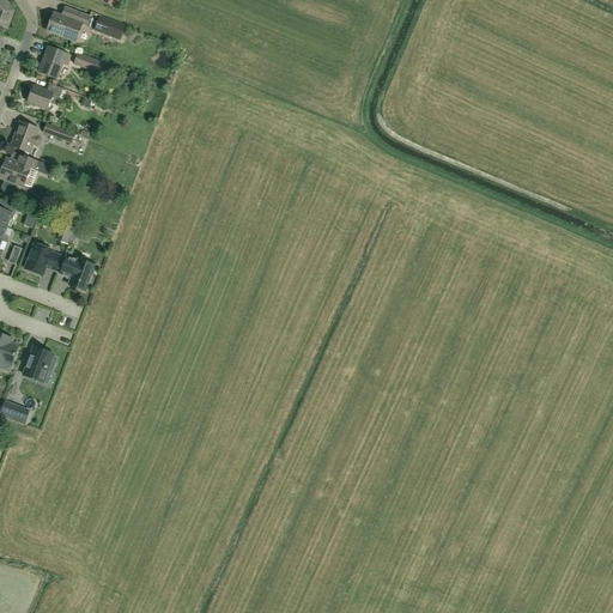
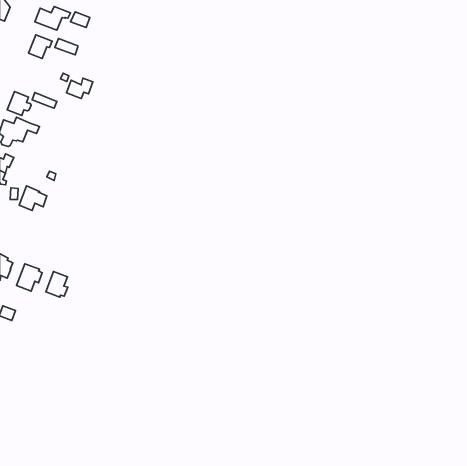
building: [26,81,61,108] -> [66,78,93,98]
building: [60,257,95,292] -> none
building: none -> [46,272,68,297]

